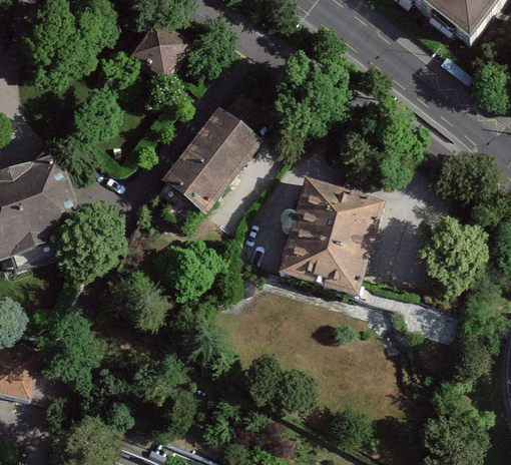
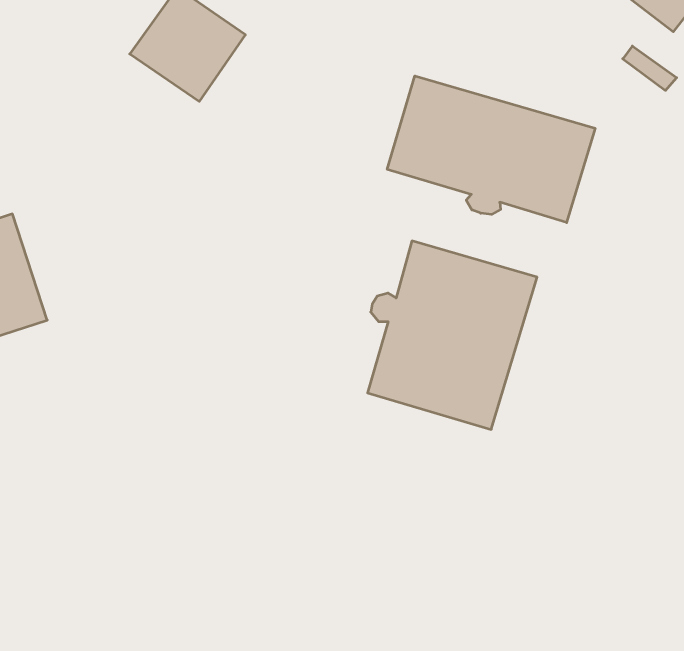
building: none -> [387,76,595,223]
building: [164,86,267,206] -> none

